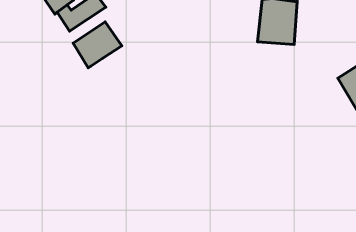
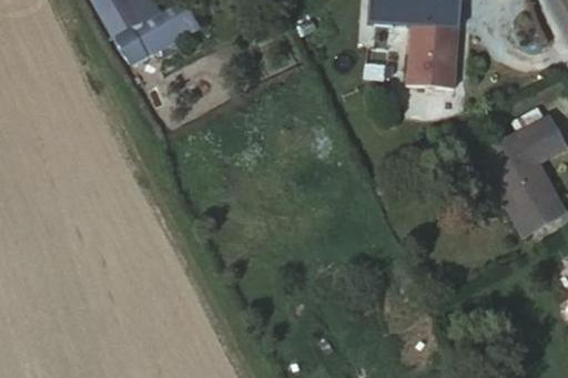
building: [73,22,122,68] -> none

